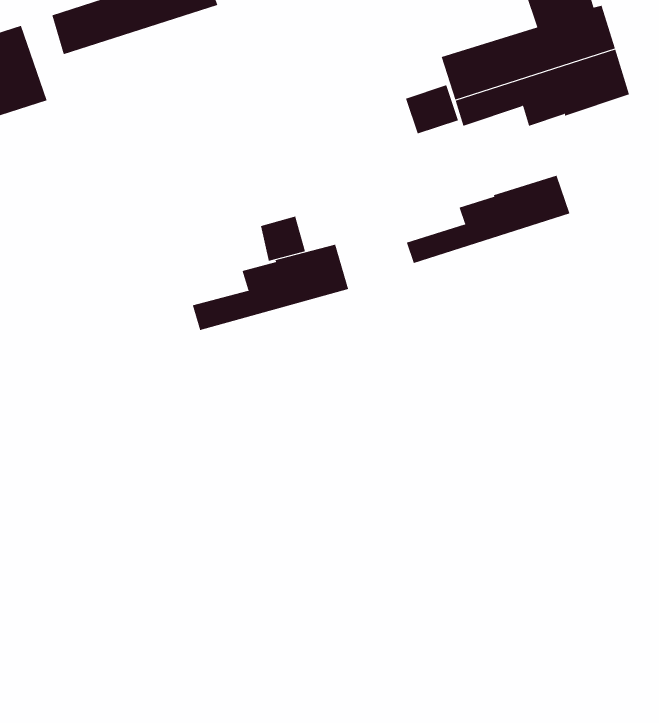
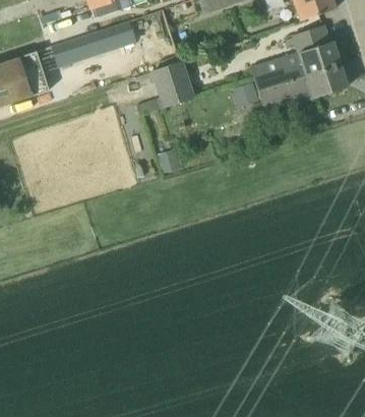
building: none -> [154,59,194,107]
building: [406,175,570,264] -> none
building: [192,244,349,331] -> none

